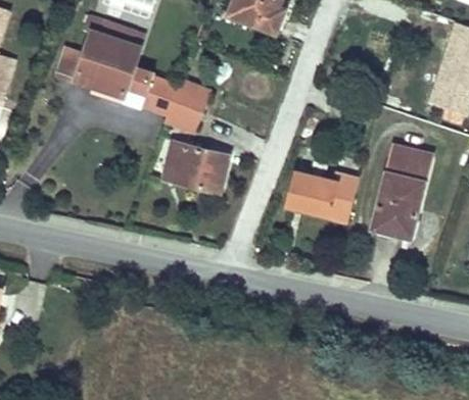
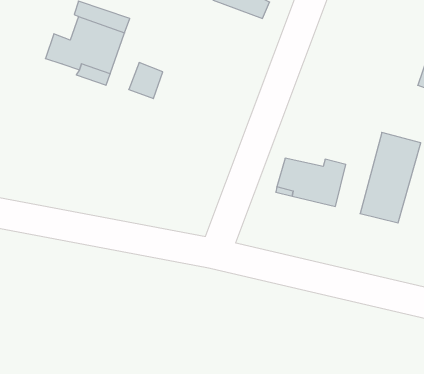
building: [163,81,208,132] -> none
building: [163,140,227,193] -> none

